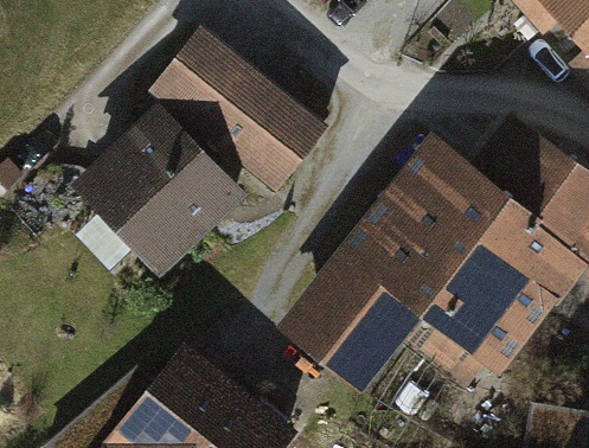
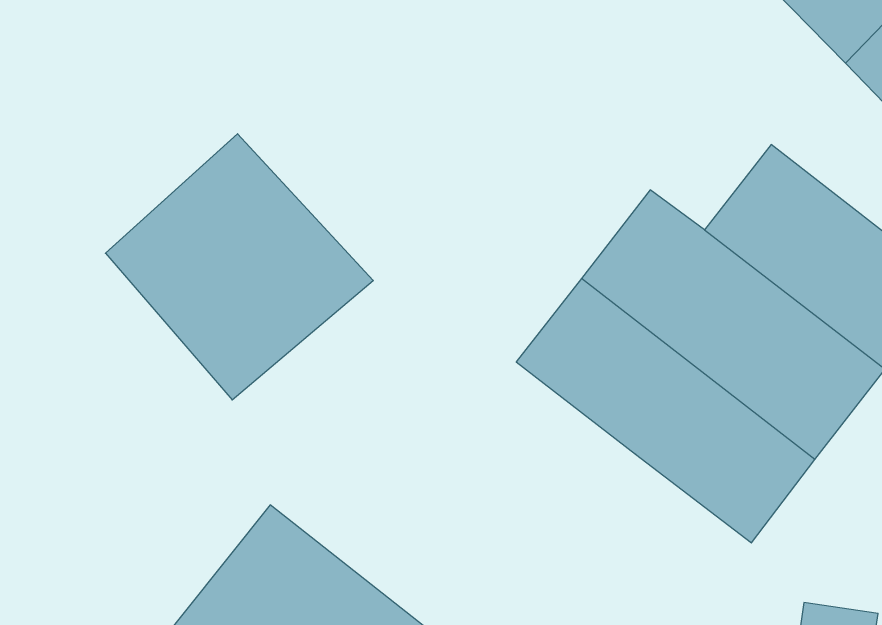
building: [148,23,329,193] -> none
building: [281,249,499,396] -> none

